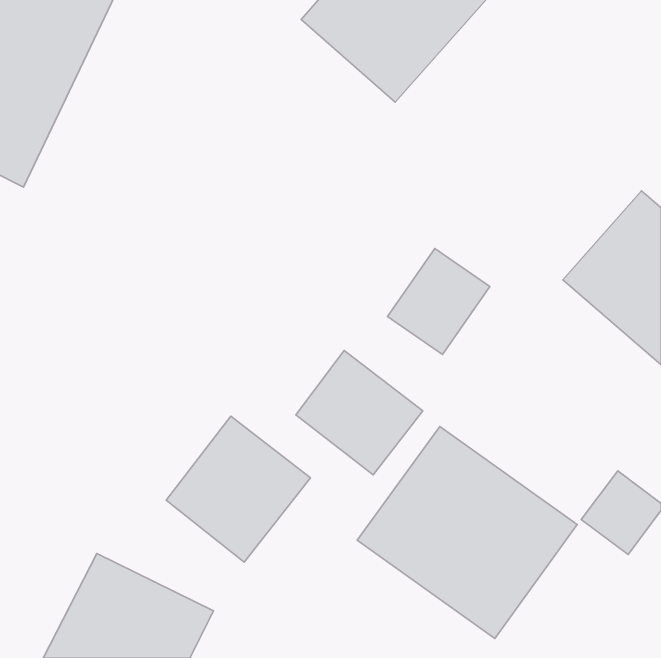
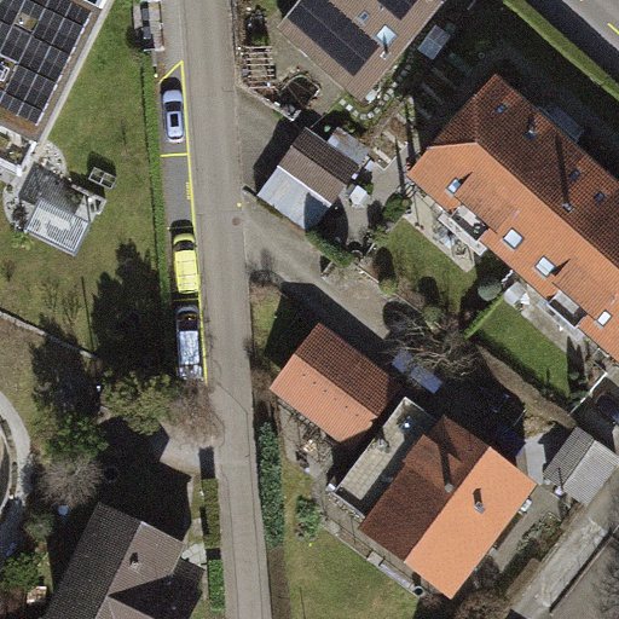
building: none -> [418,88,592,259]
building: [388,249,490,354] -> [258,137,352,235]
building: [166,416,310,562] -> none

